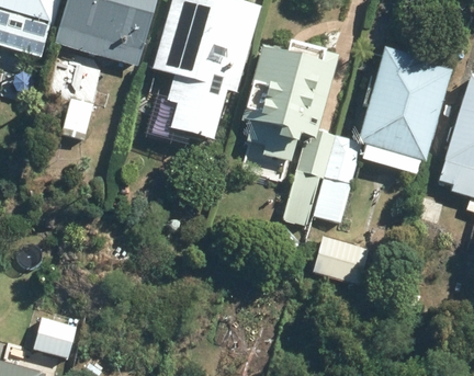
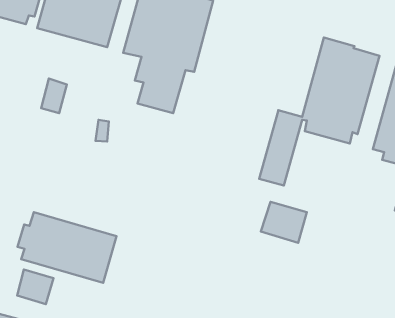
building: [244,42,337,225] -> none
building: none -> [17,212,117,283]

